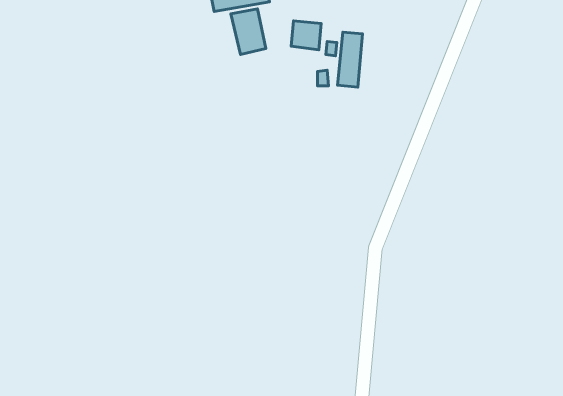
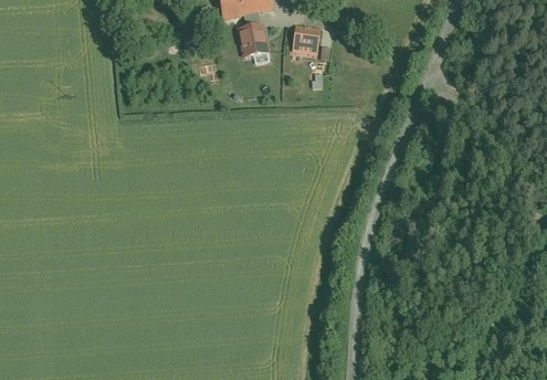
building: [338,32,362,87] -> none

